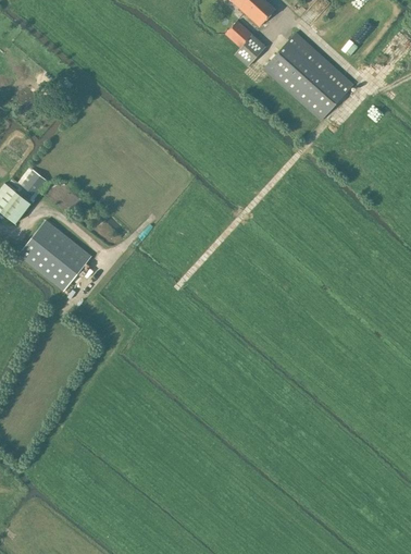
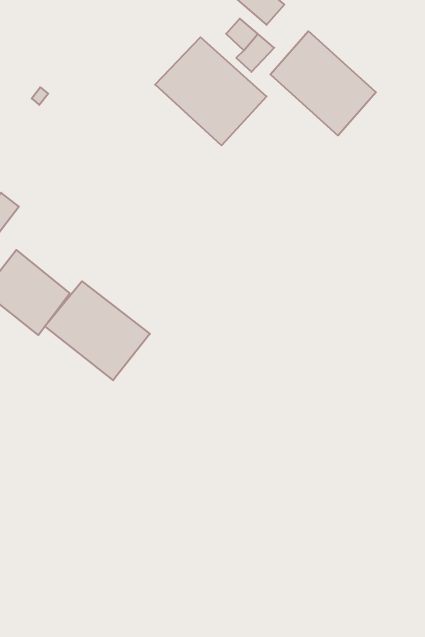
building: none -> [155,37,267,145]
building: none -> [45,281,150,380]

